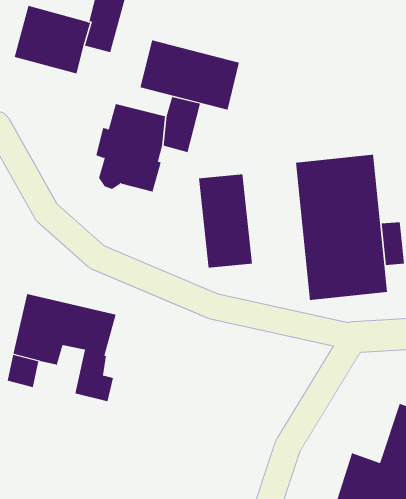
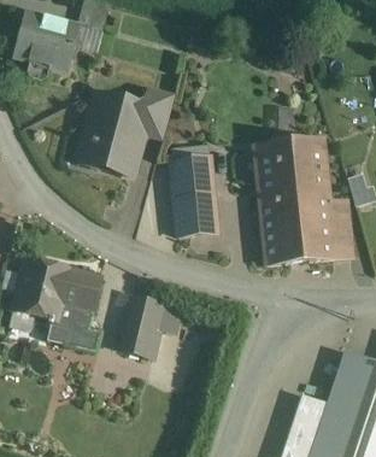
building: [140,39,240,110] -> none
building: none -> [119,297,165,356]

